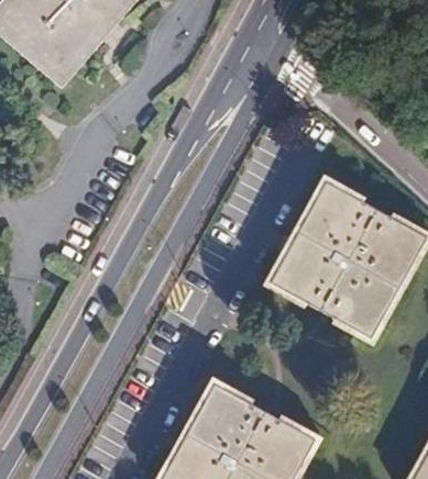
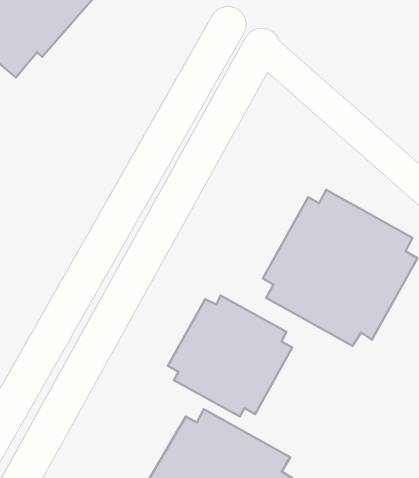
building: none -> [168,295,292,416]

